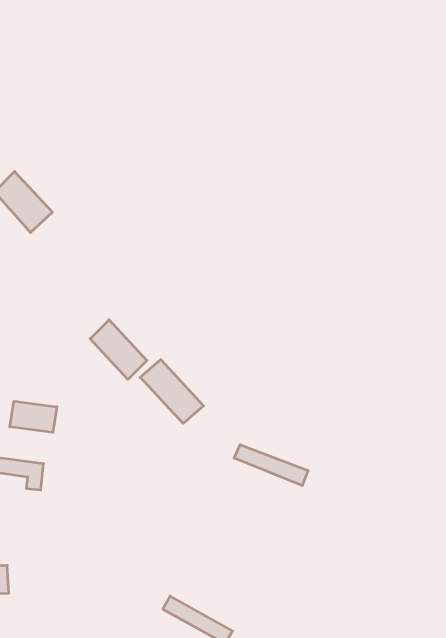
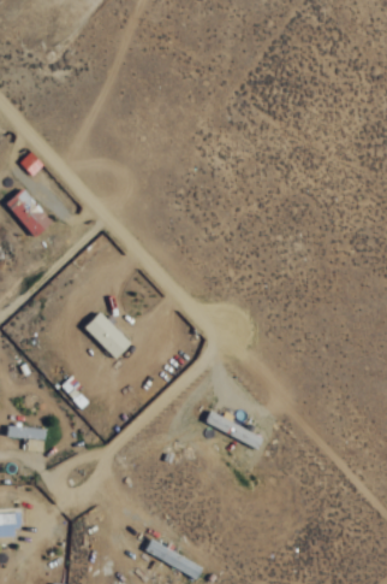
building: [140,360,204,423] -> none
building: [10,401,57,432] -> none

